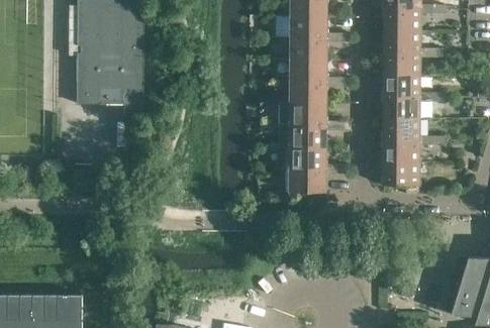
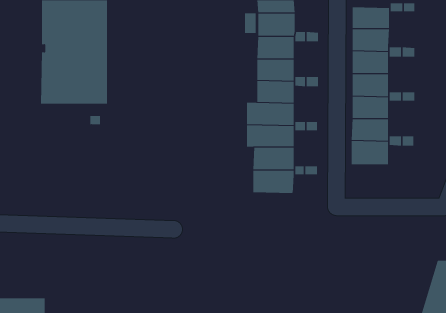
building: [382,162,419,193] -> none

